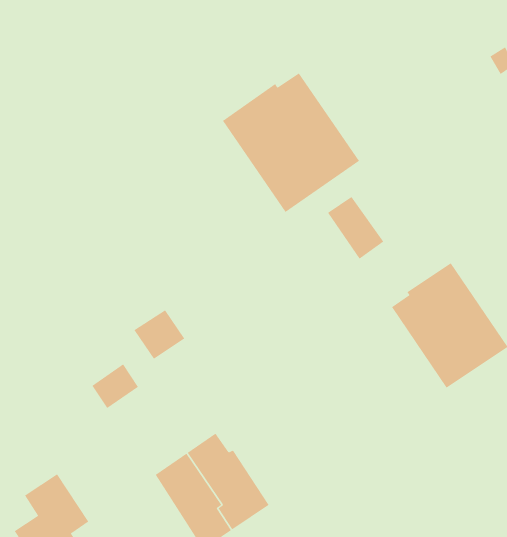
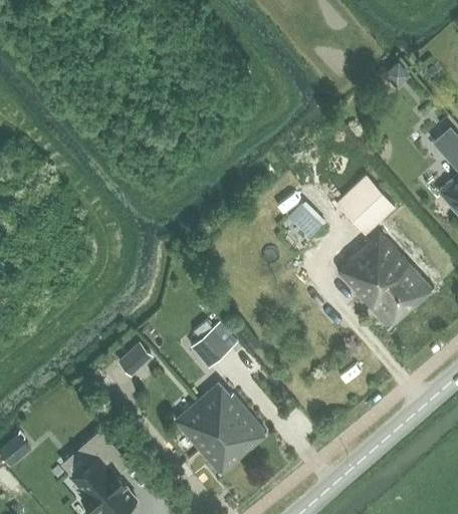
building: [222,72,360,213] -> none
building: none -> [337,176,394,233]
building: [134,309,185,359] -> [191,327,231,366]

